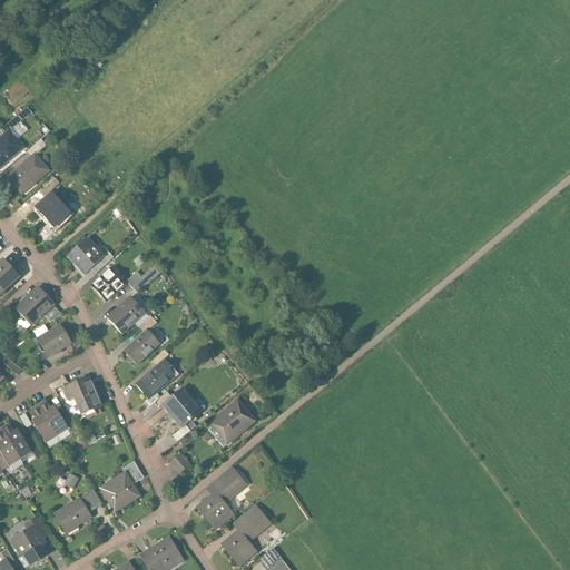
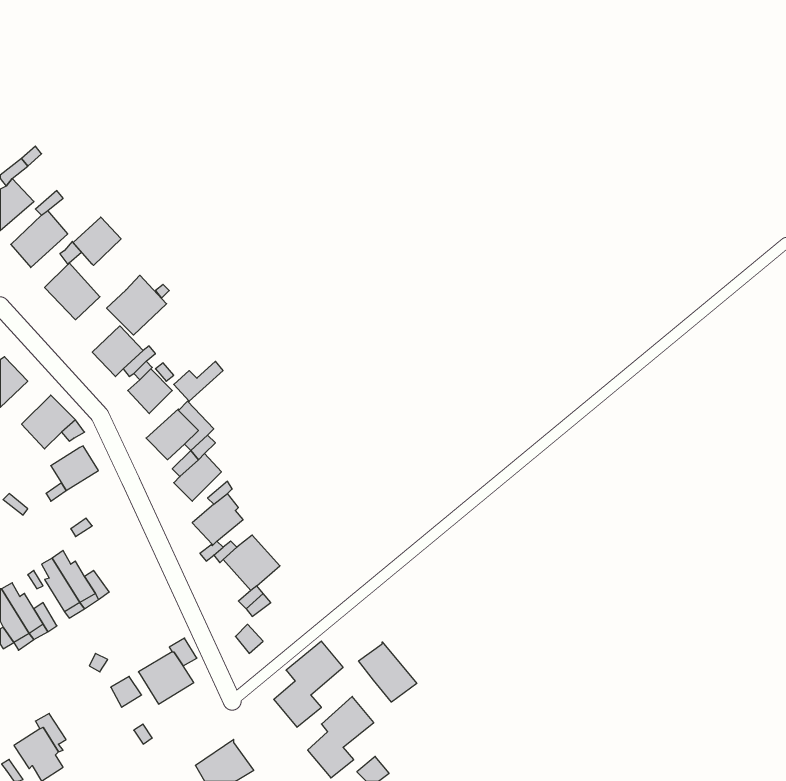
building: none -> [73,217,121,265]
building: none -> [107,275,167,335]
building: [65,376,104,415] -> none
building: [209,400,255,444] -> none
building: none -> [359,642,417,702]
building: [57,498,91,533] -> none

